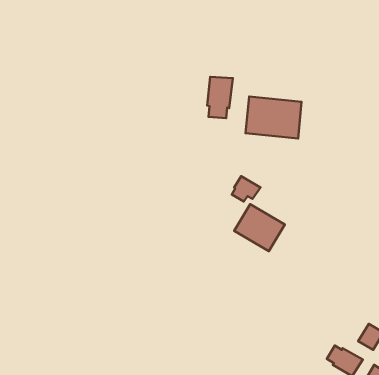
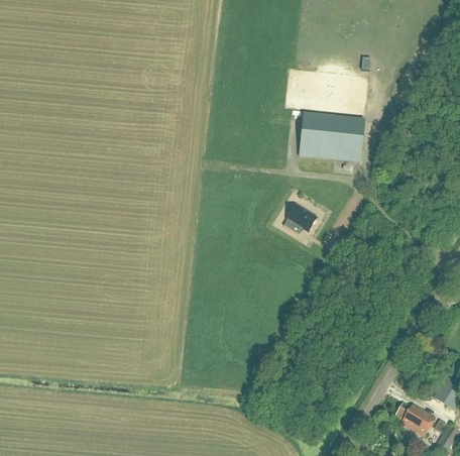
building: [207,77,233,118] -> none
building: [234,204,285,251] -> none

